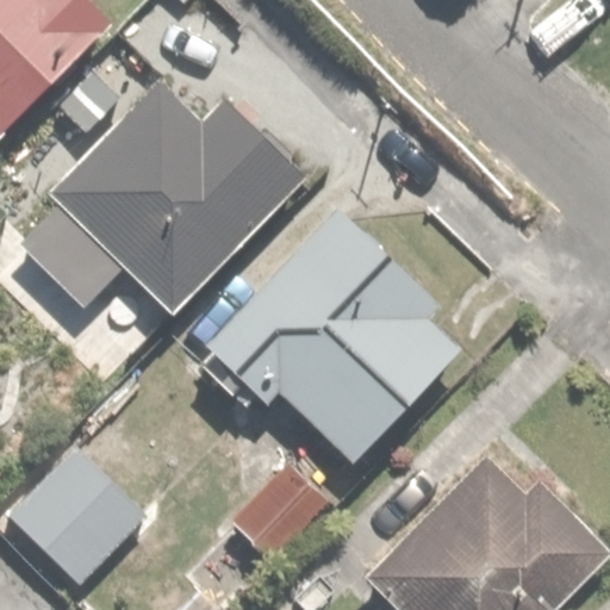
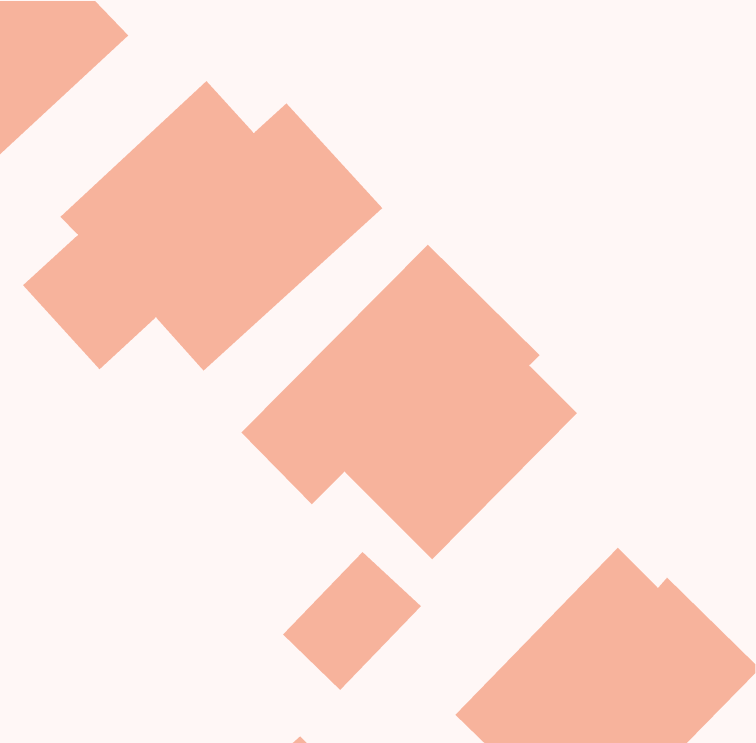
building: [11,448,145,583] -> none

